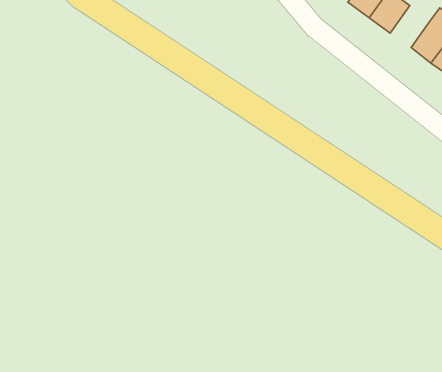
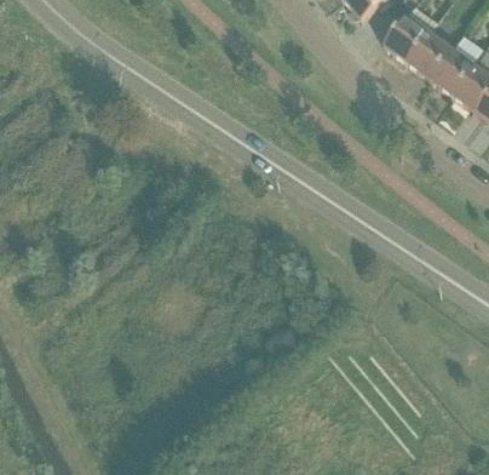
building: none -> [431,48,476,95]

